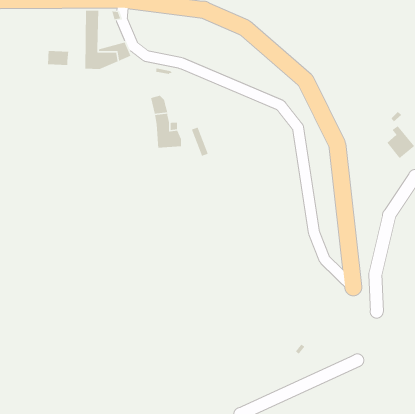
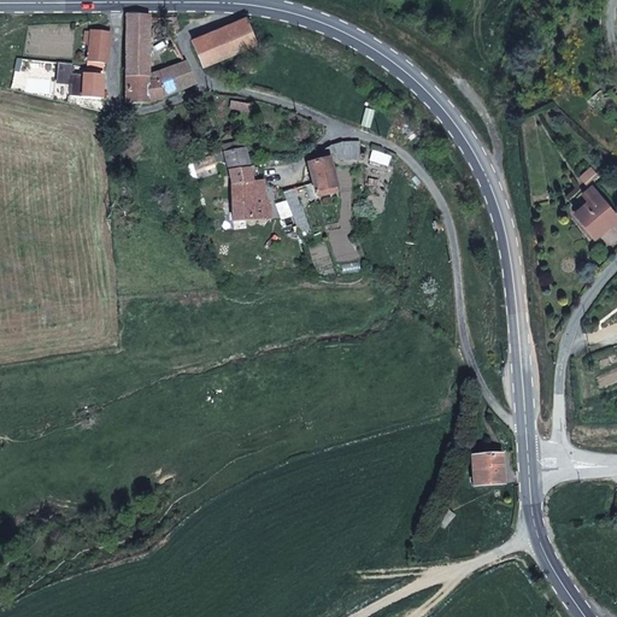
building: none -> [193,17,255,64]
building: none -> [88,30,110,63]
building: none -> [307,141,360,193]
building: none -> [471,454,503,486]

